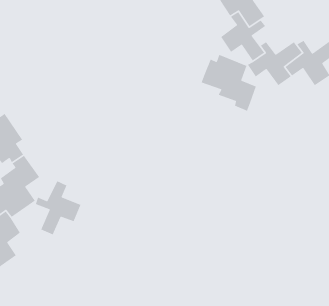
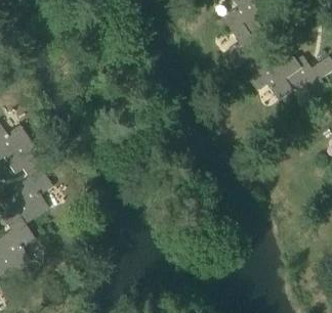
building: [200,54,257,112] -> none
building: [35,180,81,235] -> none

